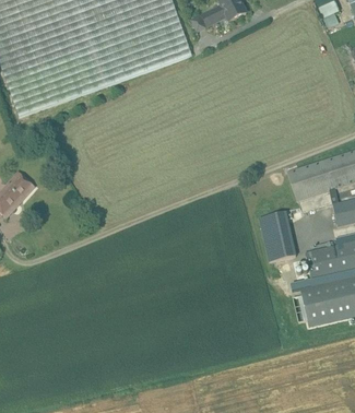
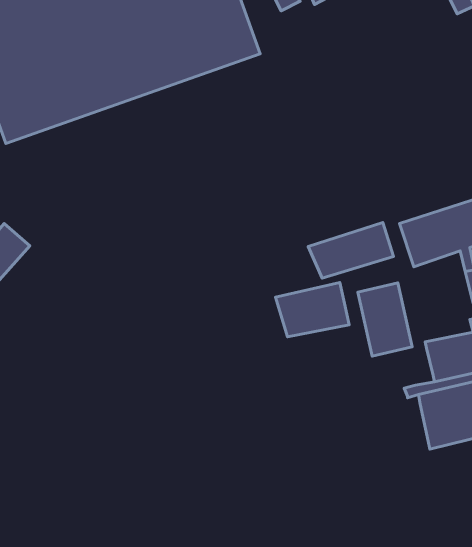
building: none -> [308,222,393,278]
building: none -> [275,283,349,337]

